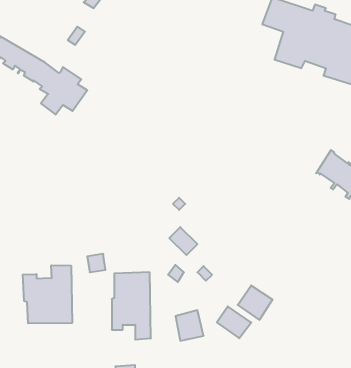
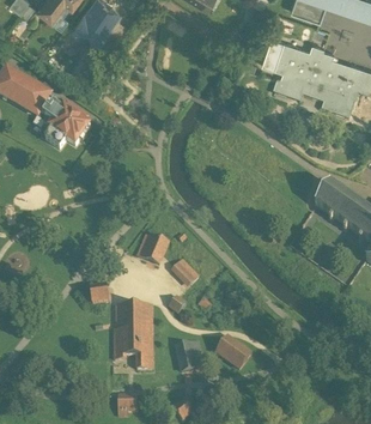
building: none -> [136,231,170,264]
building: [23,265,72,323] -> none
building: [238,285,272,320] -> none

